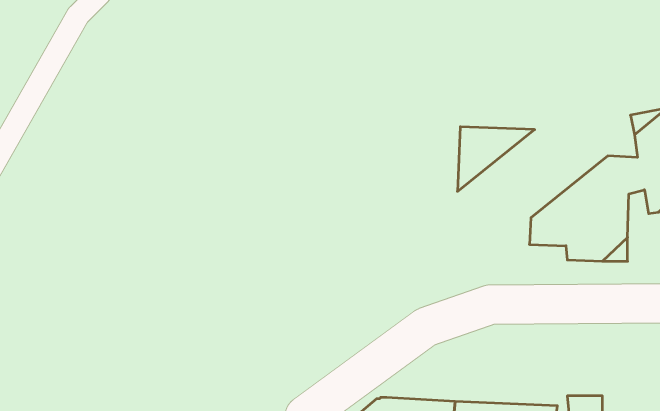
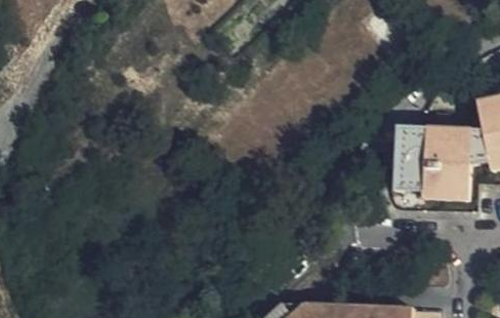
building: [457,127,535,191] -> [397,125,453,172]

